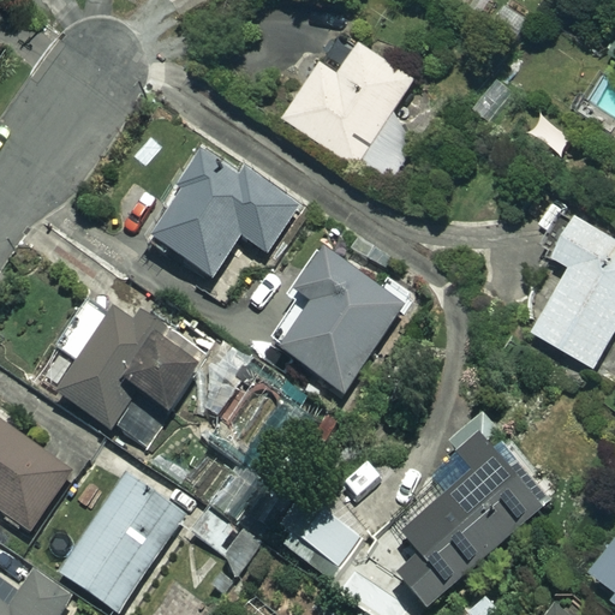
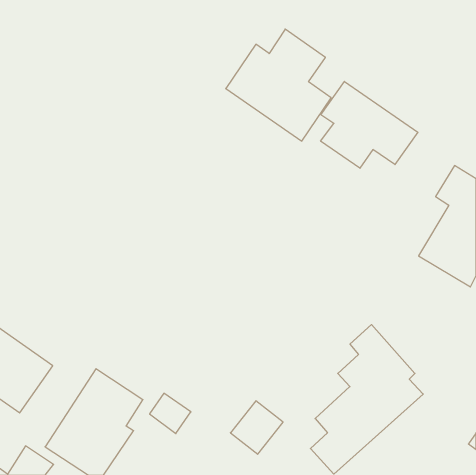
building: none -> [321,81,418,168]
building: [150,150,297,275] -> none
building: [267,249,413,393] -> none
building: [54,293,198,425] -> none

